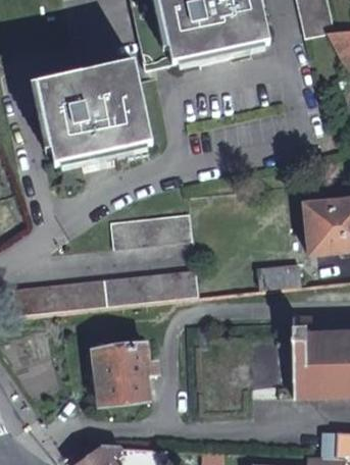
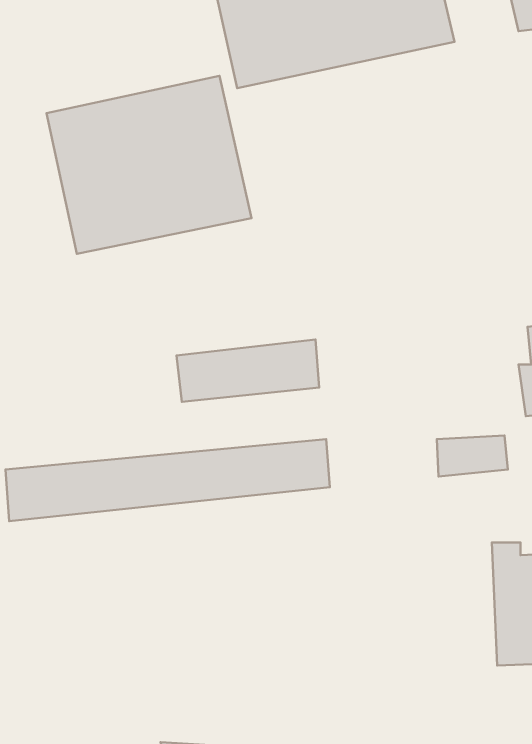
building: [94,340,156,406] -> none

